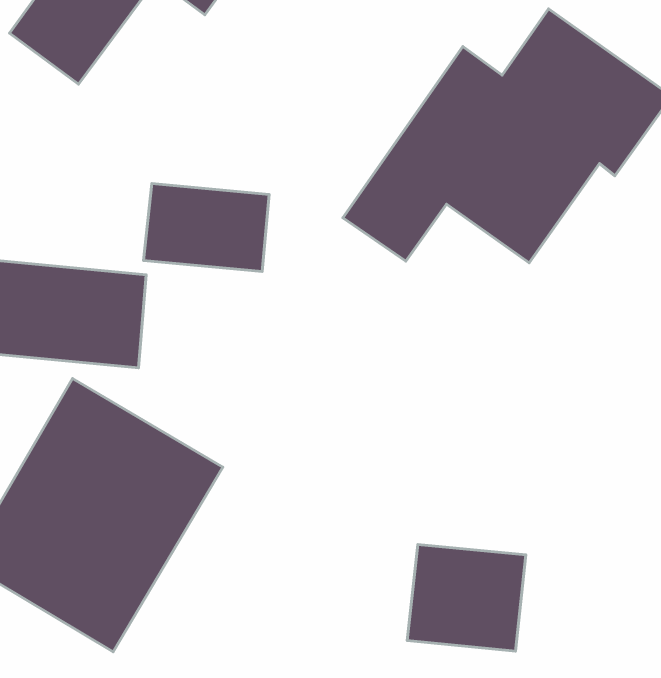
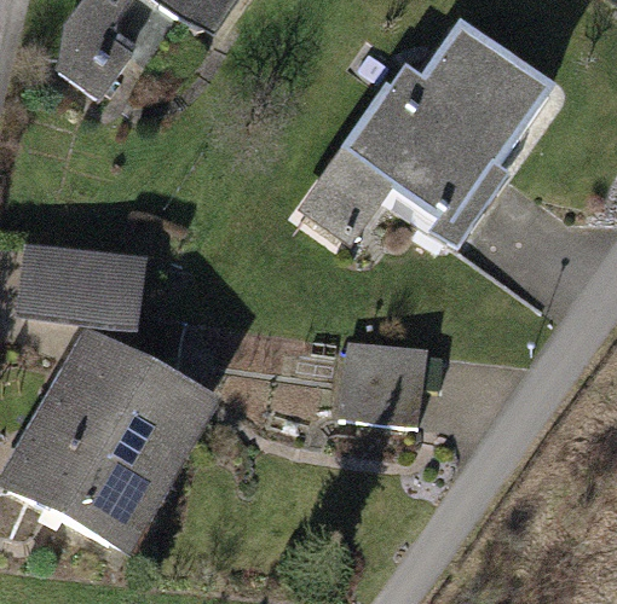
building: [143,183,269,272] -> none
building: [407,544,526,651] -> [338,338,433,424]

